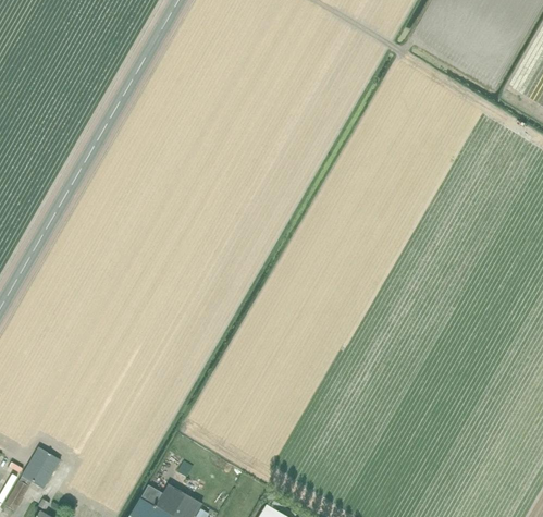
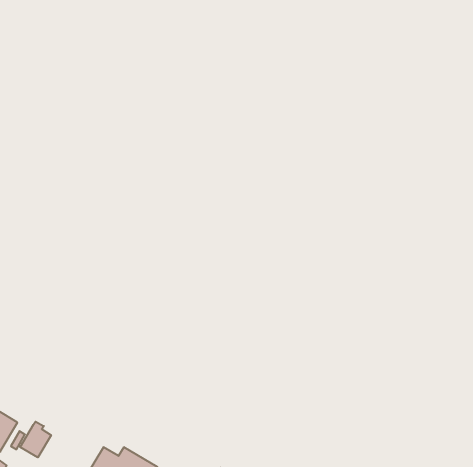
building: none -> [20,422,51,457]

